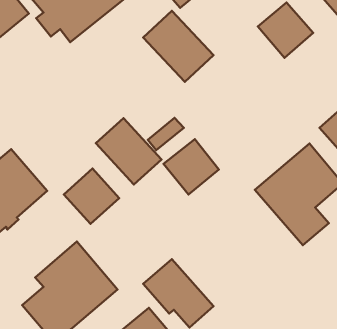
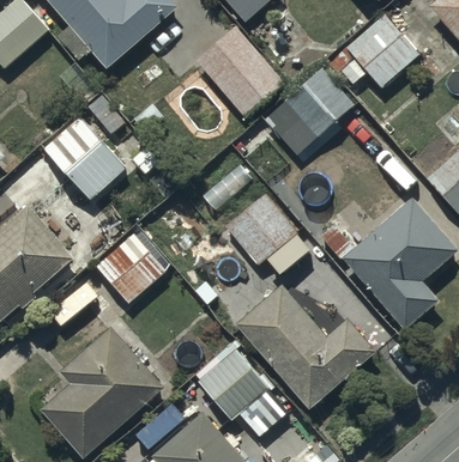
building: none -> [262,67,354,154]
building: [96,118,161,185] -> [41,114,126,200]
building: none -> [236,285,378,411]

